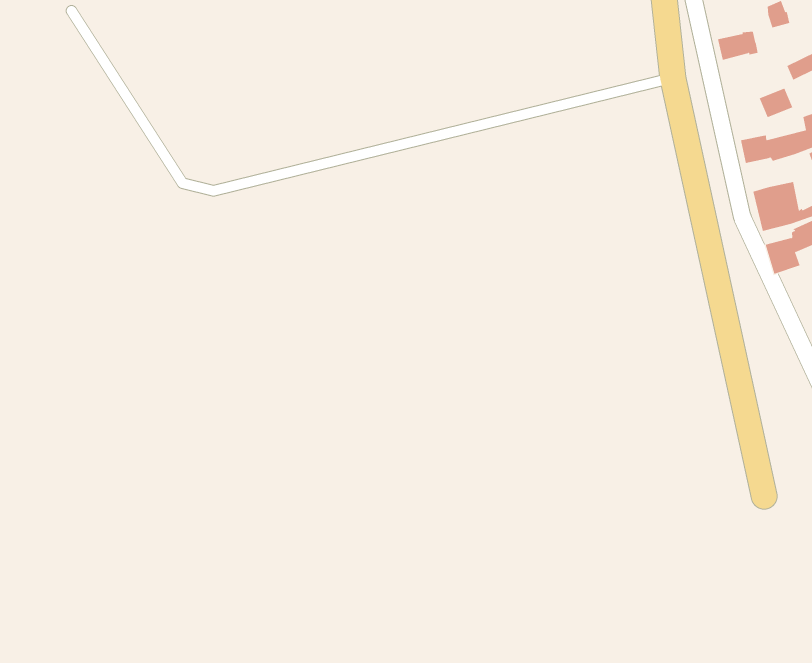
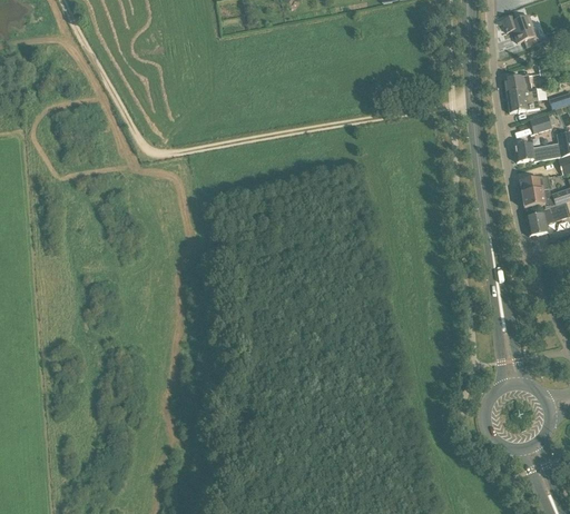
building: none -> [507,88,539,111]

